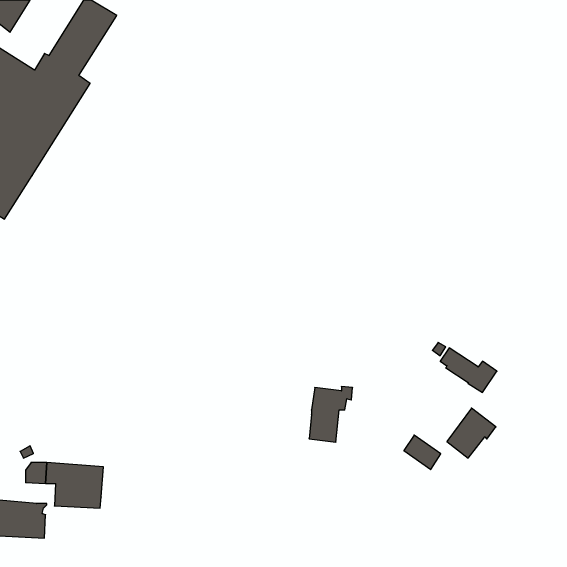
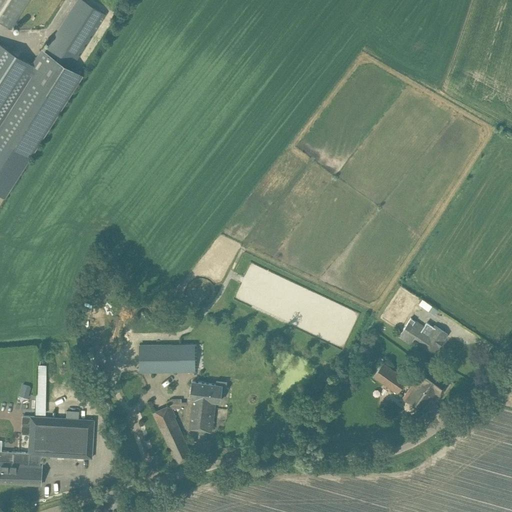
building: none -> [138,345,194,371]
building: [309,387,353,442] -> [186,381,225,431]
building: [404,435,441,470] -> [373,363,406,394]
building: none -> [150,400,191,466]

